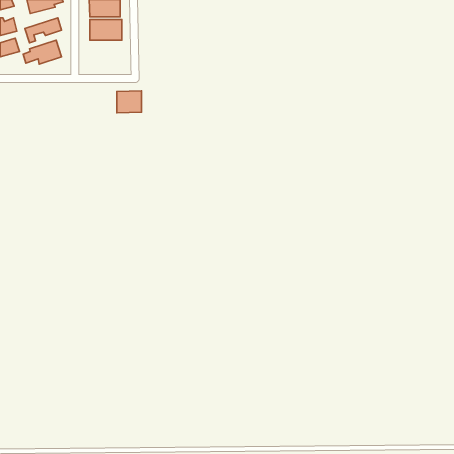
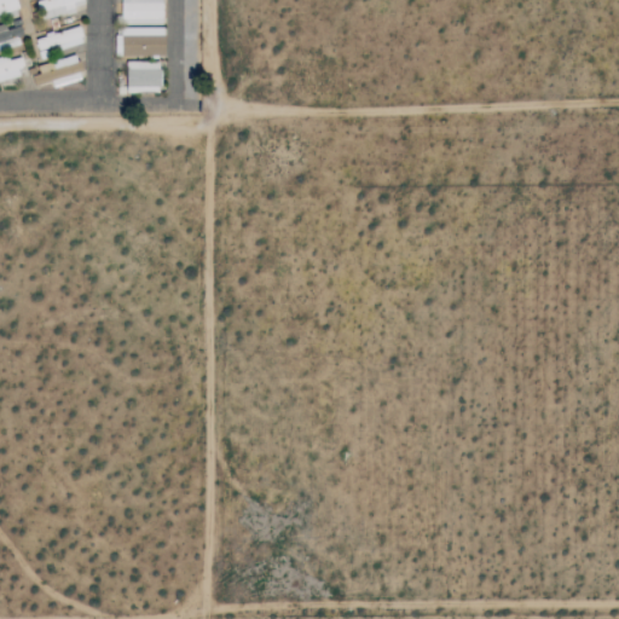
building: [117,91,142,113] -> [128,60,162,91]

